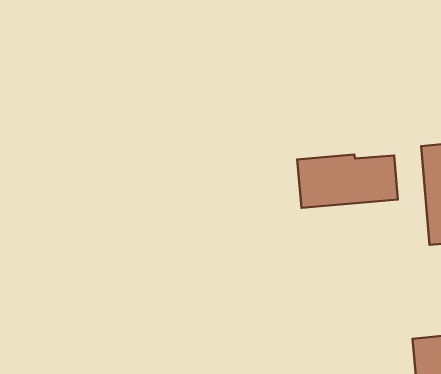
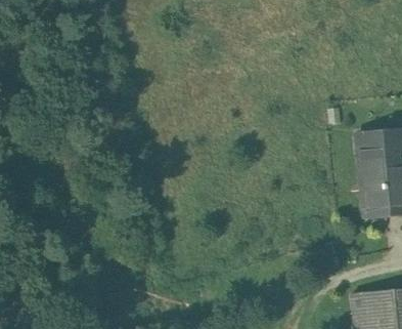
building: [297,155,398,208] -> none

